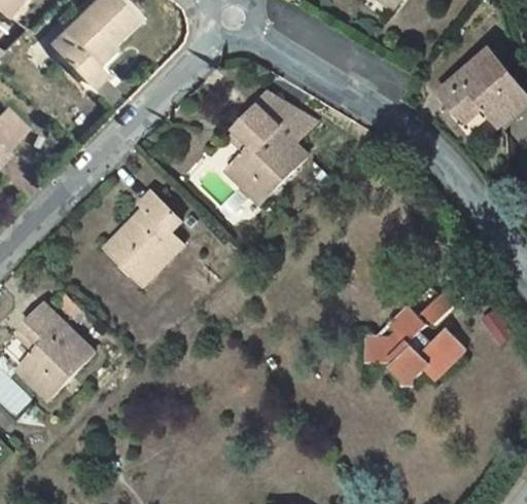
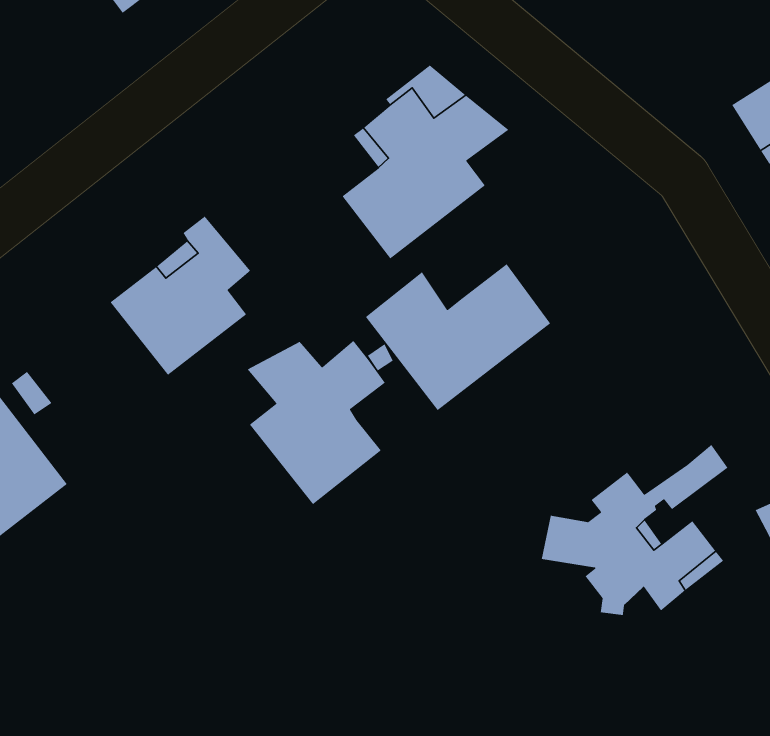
building: none -> [365,263,551,411]
building: none -> [246,340,386,505]

